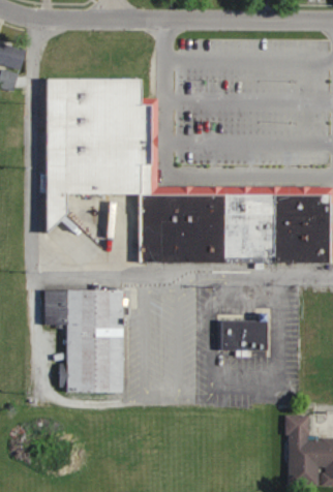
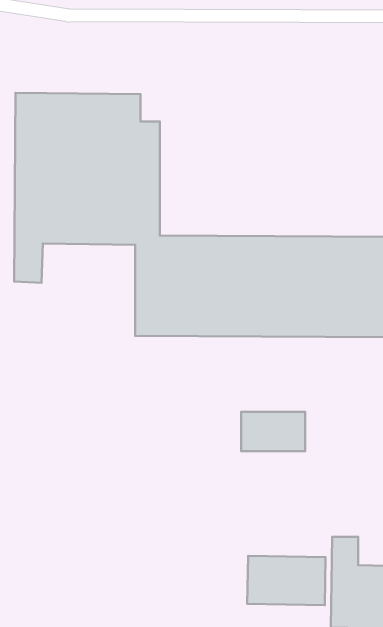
building: [42,289,122,391] -> none
building: none -> [247,556,326,605]

